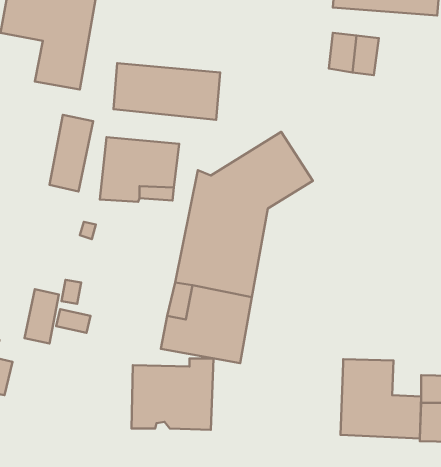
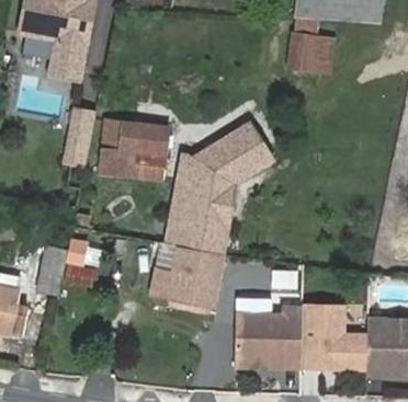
building: [114,63,220,120] -> none
building: [131,358,213,430] -> [235,309,303,368]

